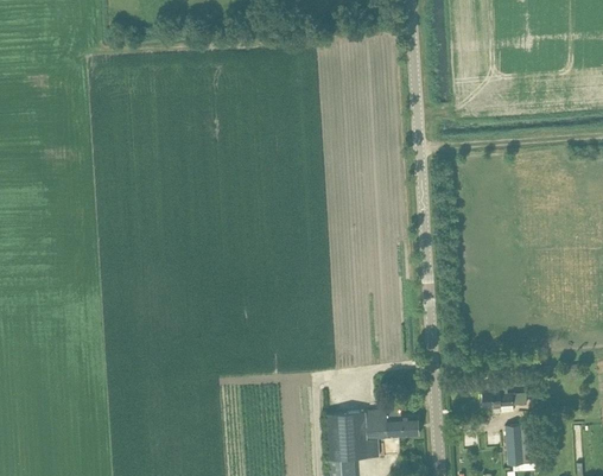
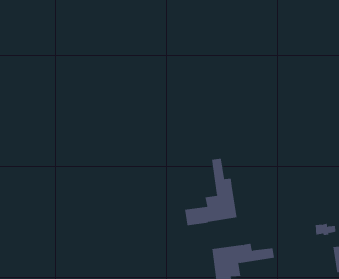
building: none -> [185,158,237,226]

